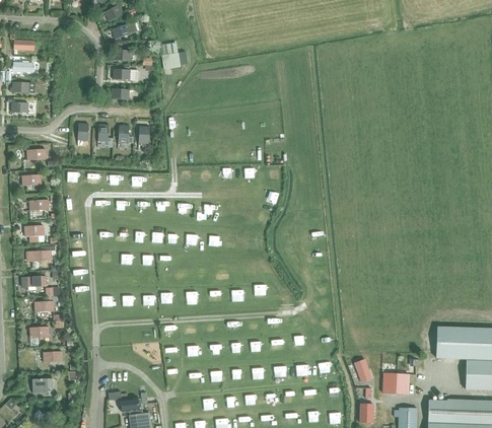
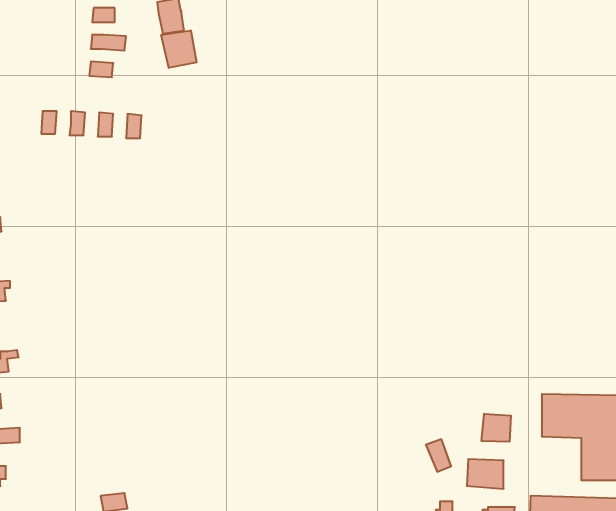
building: none -> [161,30,197,68]
building: none -> [482,414,511,442]

